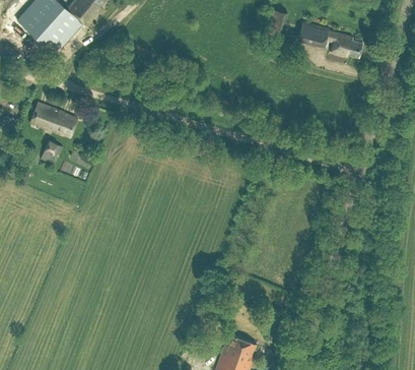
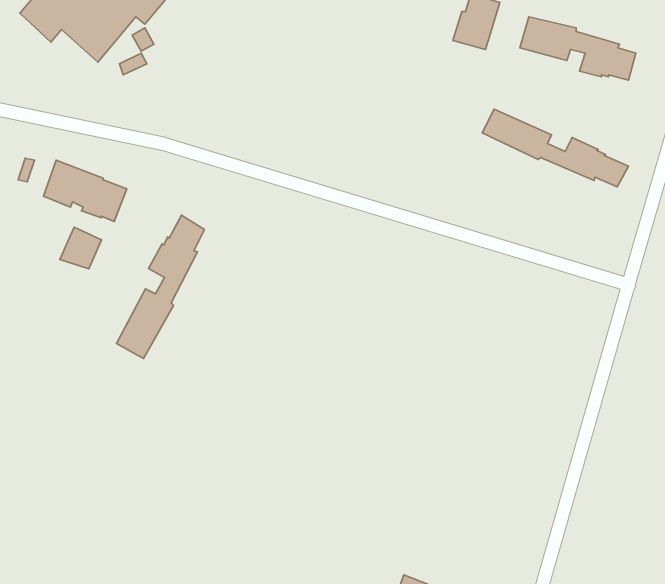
building: none -> [482,109,629,187]
building: none -> [116,215,205,359]

